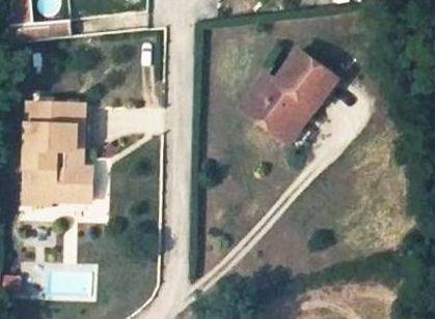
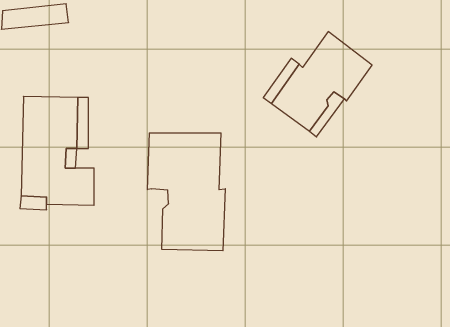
building: none -> [147,133,225,251]

